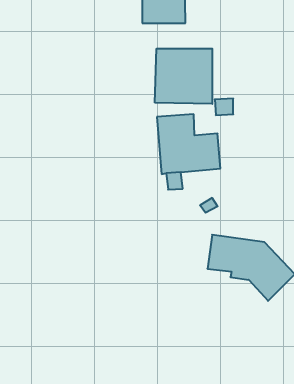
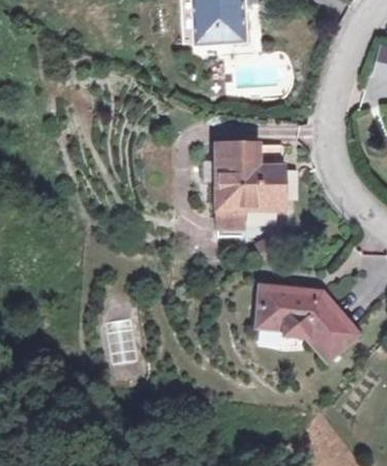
building: [155,49,212,104] -> none

